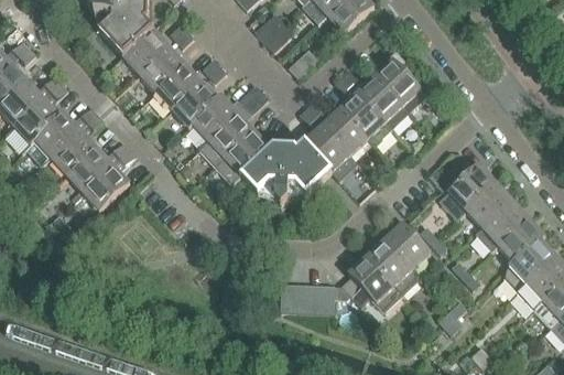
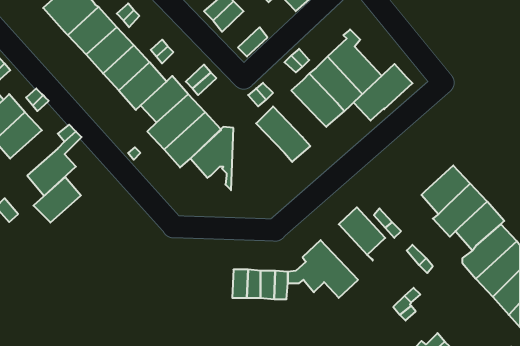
building: [322,109,367,154] -> none
building: [281,141,333,206] -> none
building: [66,148,112,192] -> [33,177,81,223]
building: [440,163,497,218] -> [354,64,413,121]
building: [368,239,419,293] -> none

